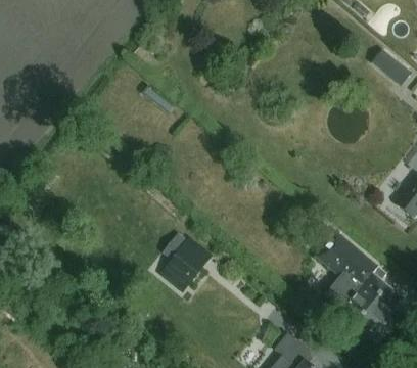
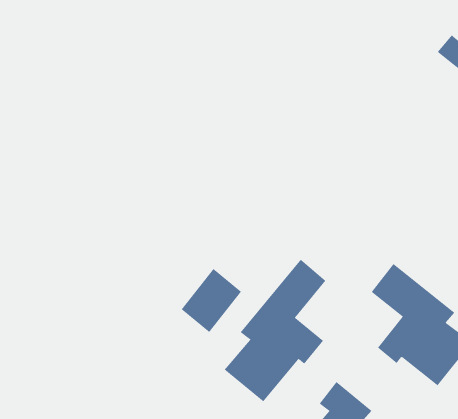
building: none -> [224,259,326,402]

